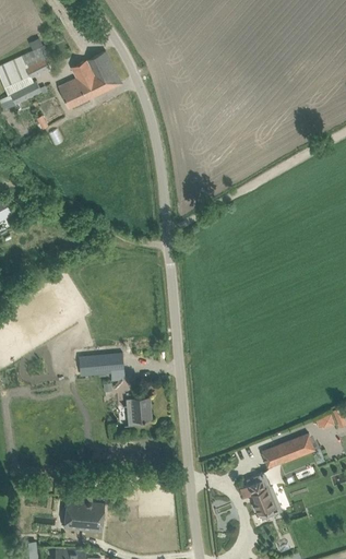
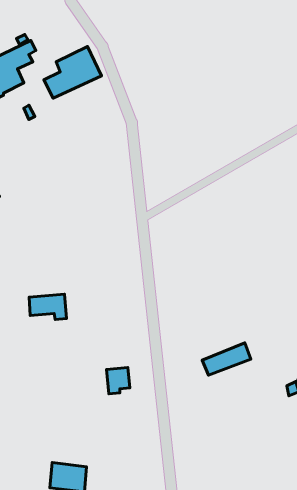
building: [84,354,124,381] -> [29,294,66,320]
building: [262,433,314,468] -> [202,343,251,375]
building: [240,474,282,520] -> none

